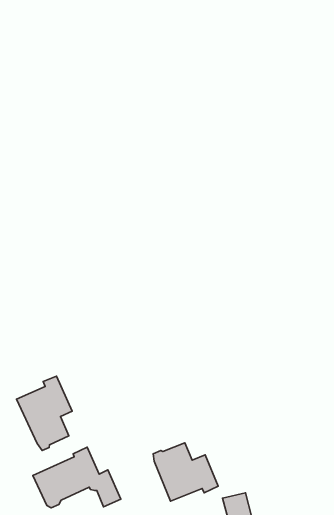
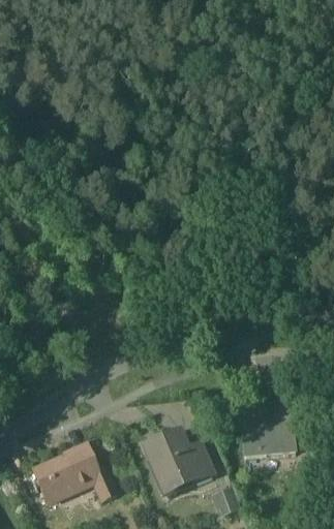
building: [17,376,72,450] -> none
building: none -> [239,403,302,457]

